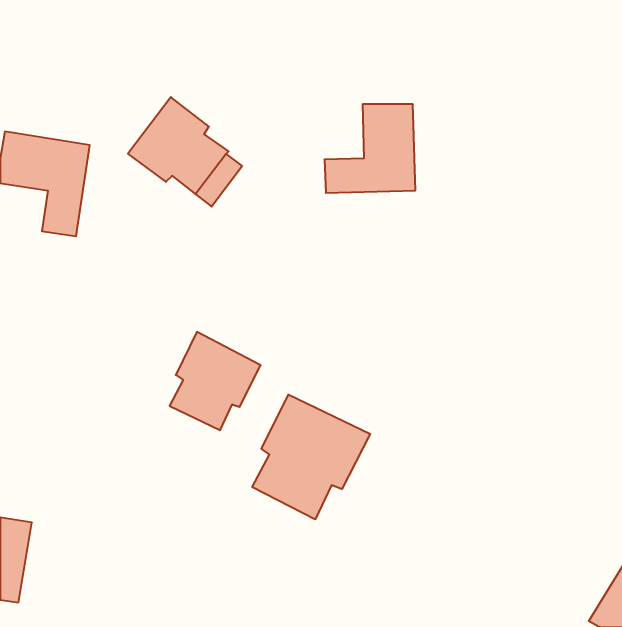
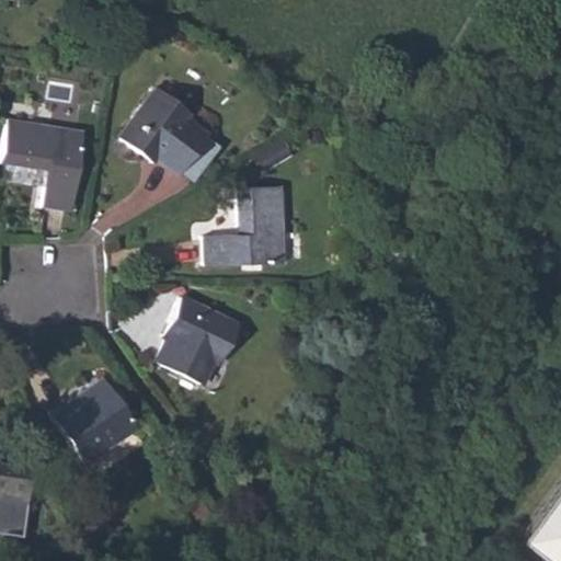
building: [324,104,415,193] -> [204,186,285,265]
building: [252,395,370,519] -> none
building: none -> [50,378,137,462]

